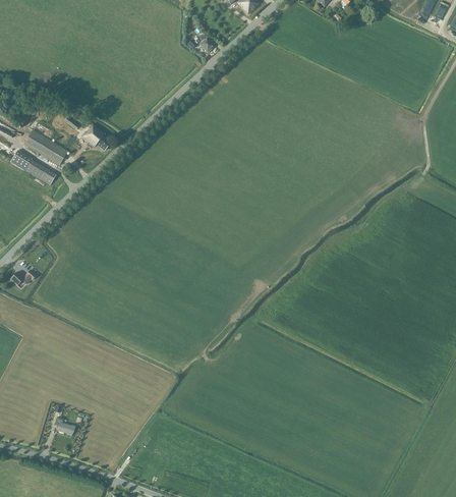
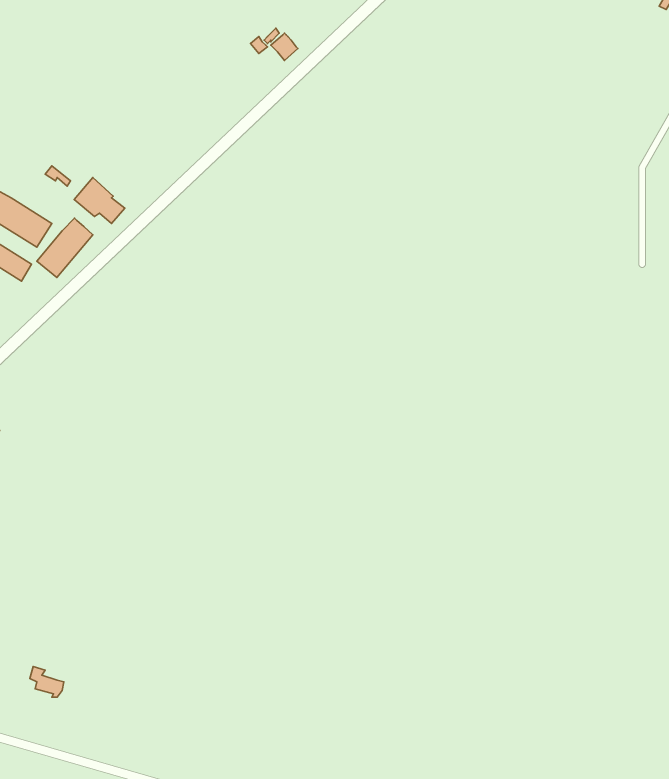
building: none -> [37,218,93,278]

